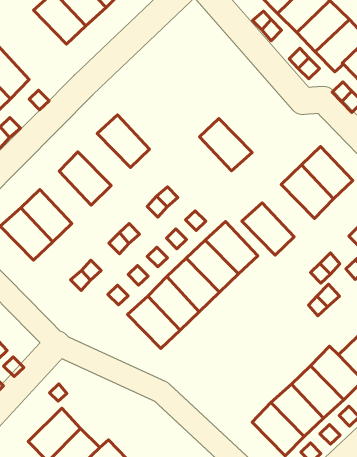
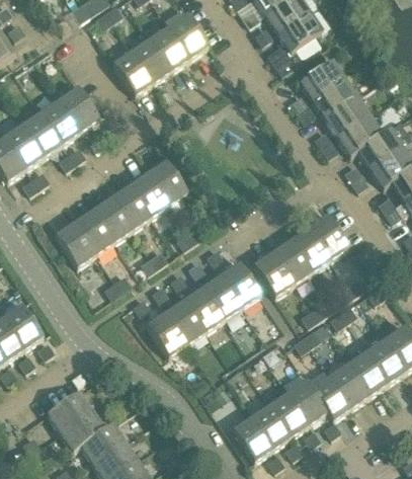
building: [200,119,252,171] -> [271,240,312,285]
building: none -> [129,172,169,217]
building: none -> [92,197,132,242]

